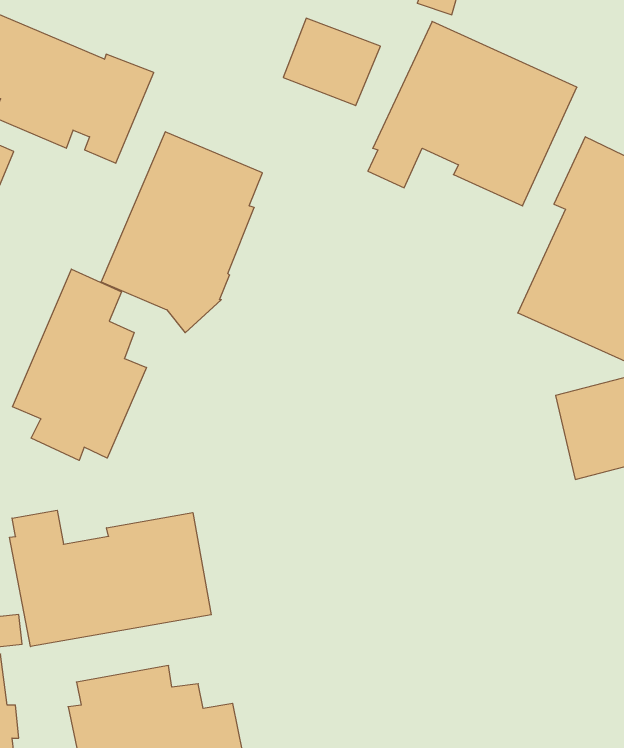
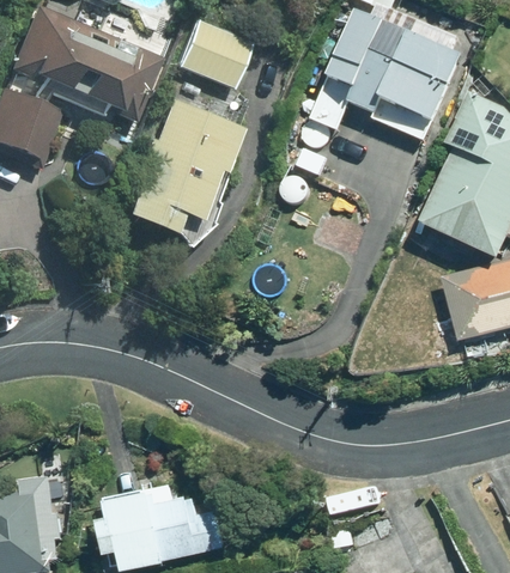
building: [283,18,380,106] -> [177,22,248,85]
building: [12,269,146,460] -> none
building: [10,510,211,647] -> none

